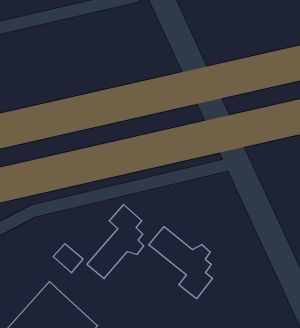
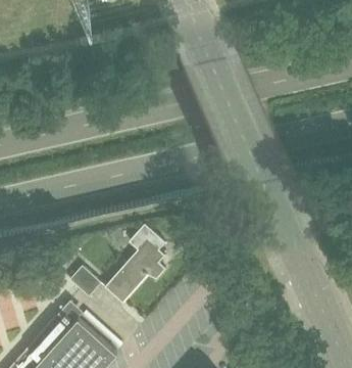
building: [149,227,212,299] -> none

